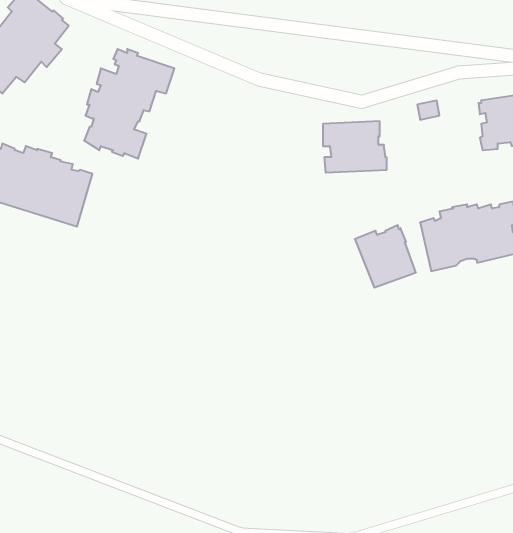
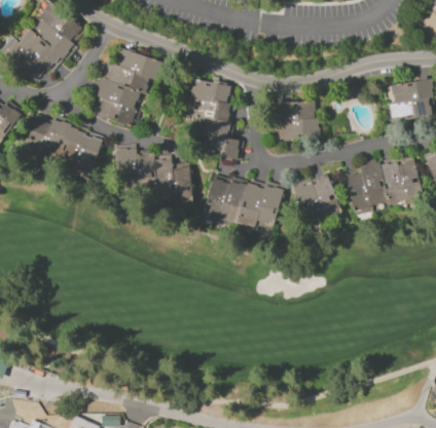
building: none -> [190,77,244,157]
building: none -> [115,147,192,201]
building: none -> [202,176,284,227]

